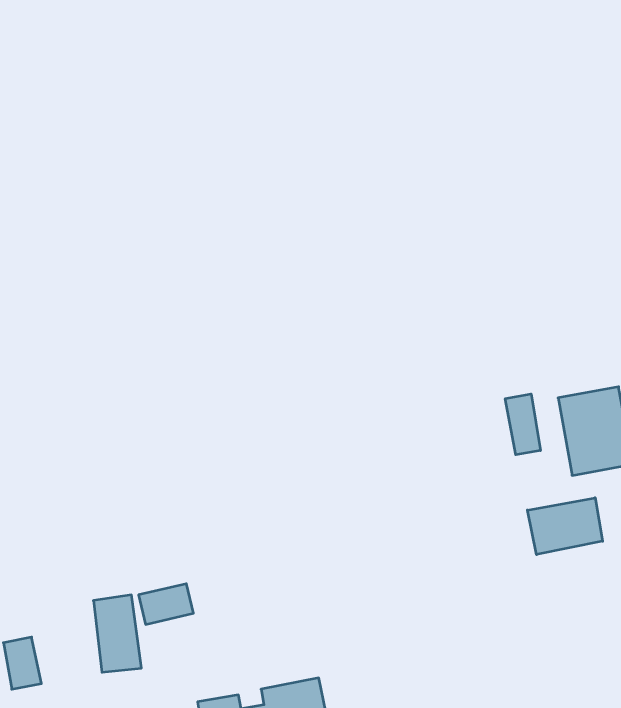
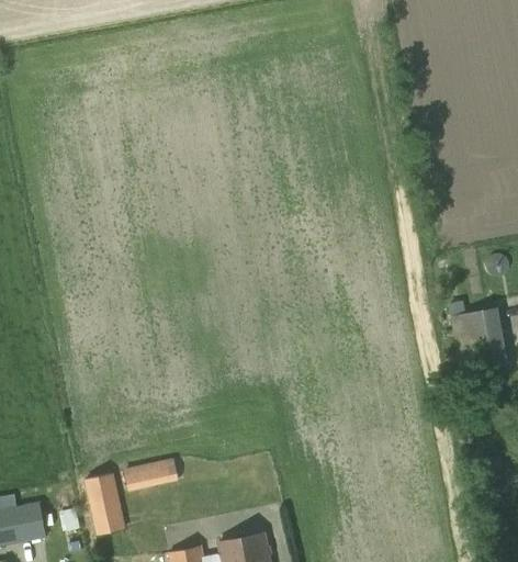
building: [505,394,540,455] -> none
building: [527,498,603,555] -> none

